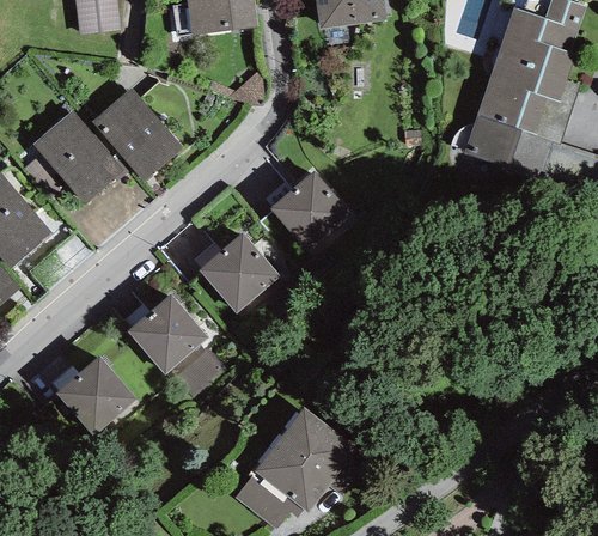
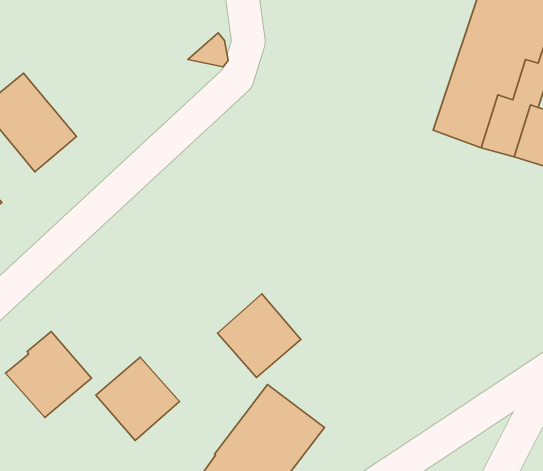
building: [92,87,181,178] -> none
building: [269,169,350,250] -> none
building: [199,232,277,311] -> [217,294,301,377]
building: [127,294,206,373] -> [96,357,179,441]

